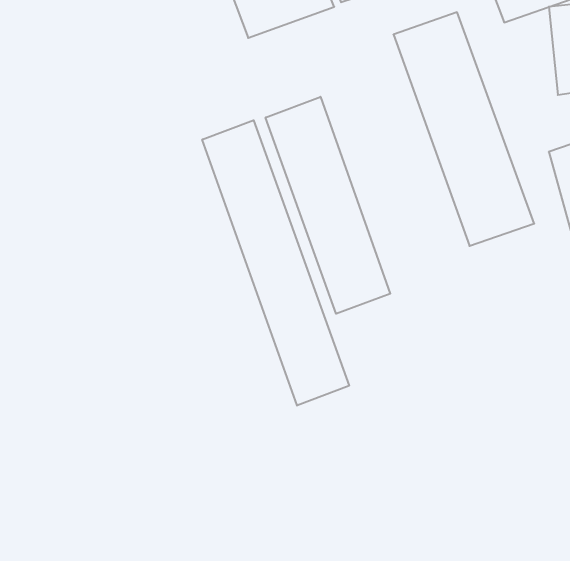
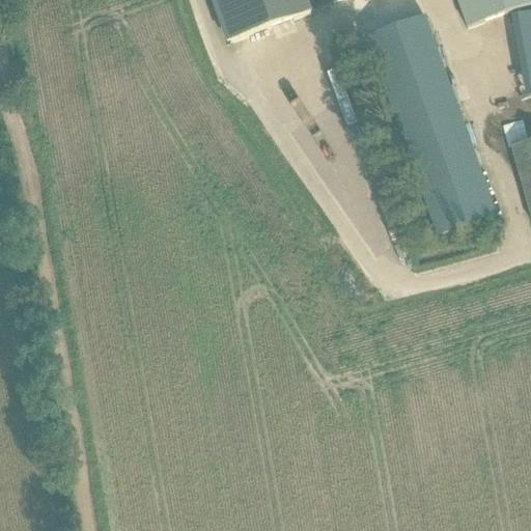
building: [266,97,390,314] -> none
building: [202,120,349,406] -> none

